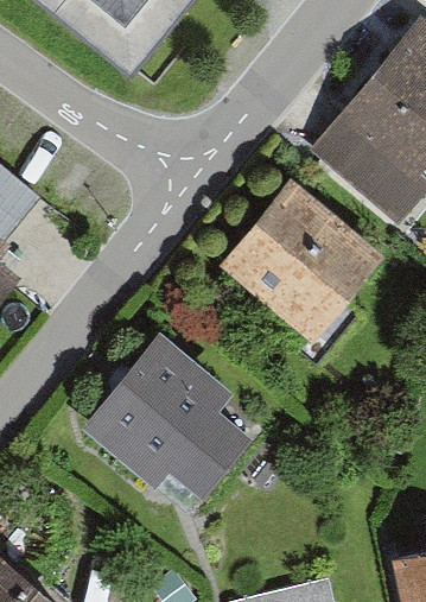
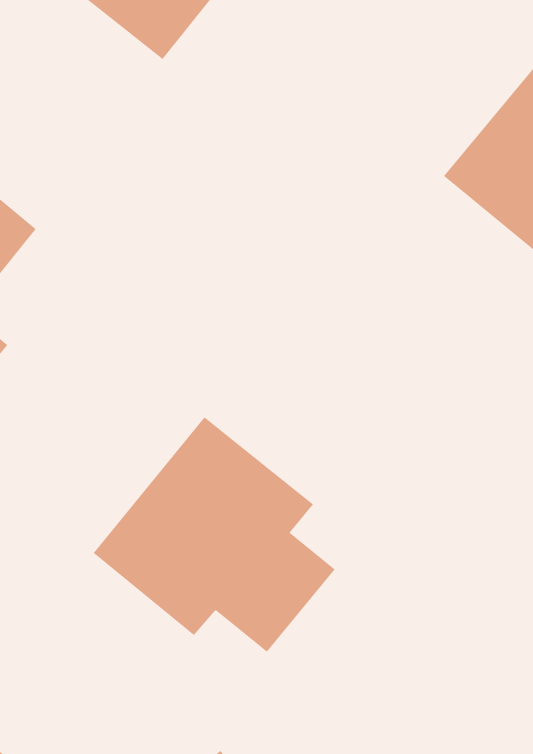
building: [234,194,382,341] -> none

